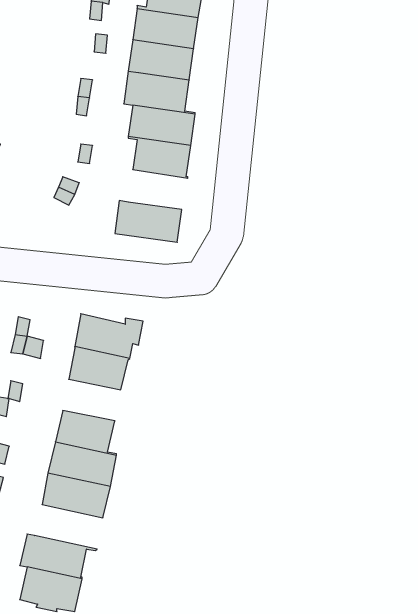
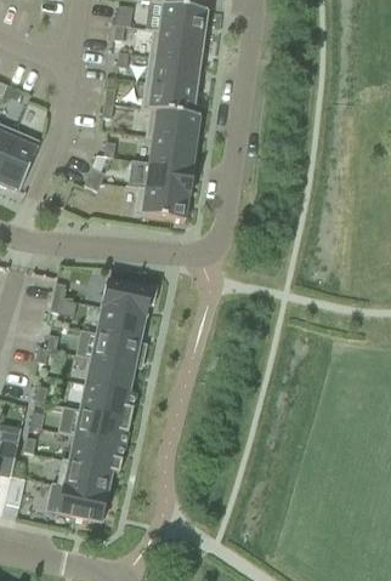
building: none -> [127,158,193,193]
building: none -> [91,331,146,365]
building: none -> [68,433,124,469]

